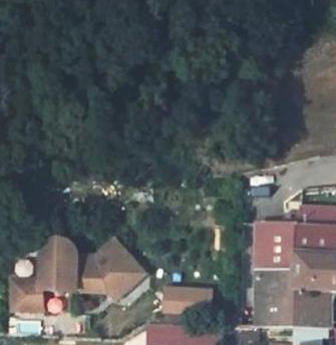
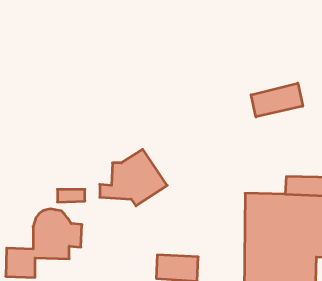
building: none -> [251,83,303,117]
building: [75,242,144,300] -> [100,149,167,206]

